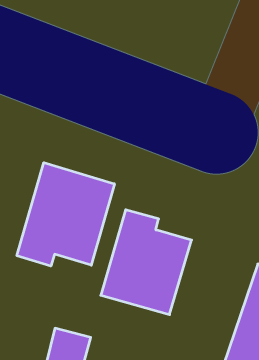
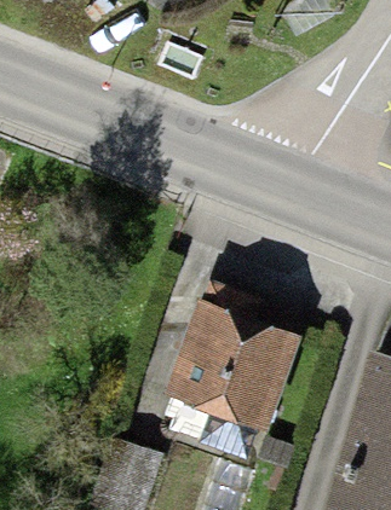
building: [17,163,114,266] -> none

